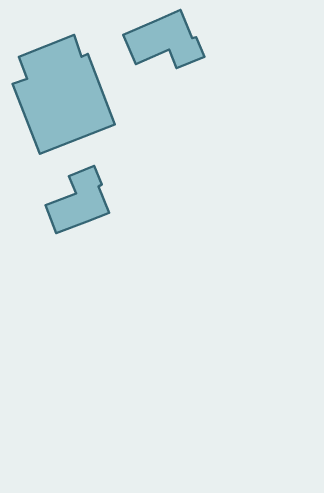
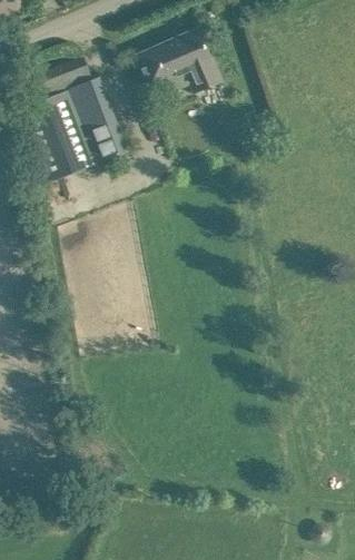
building: [46,166,109,233] -> none

